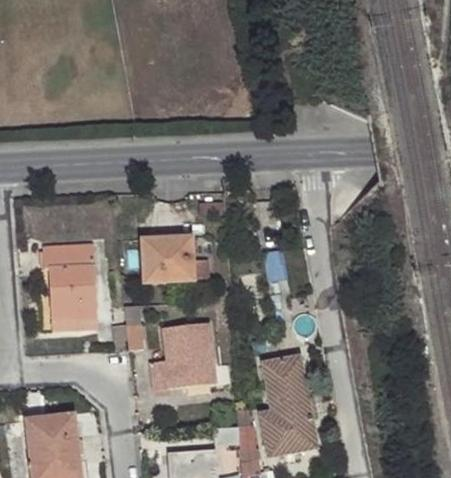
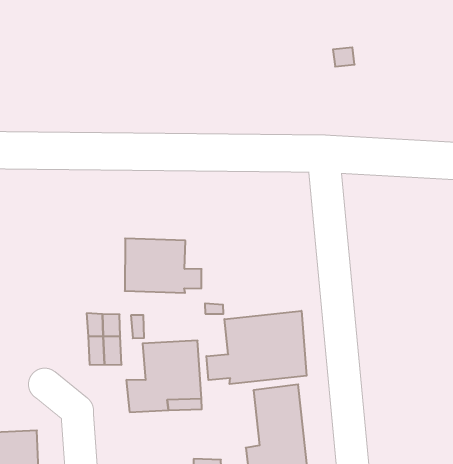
building: [44,242,98,330] -> none
building: none -> [206,311,307,384]

